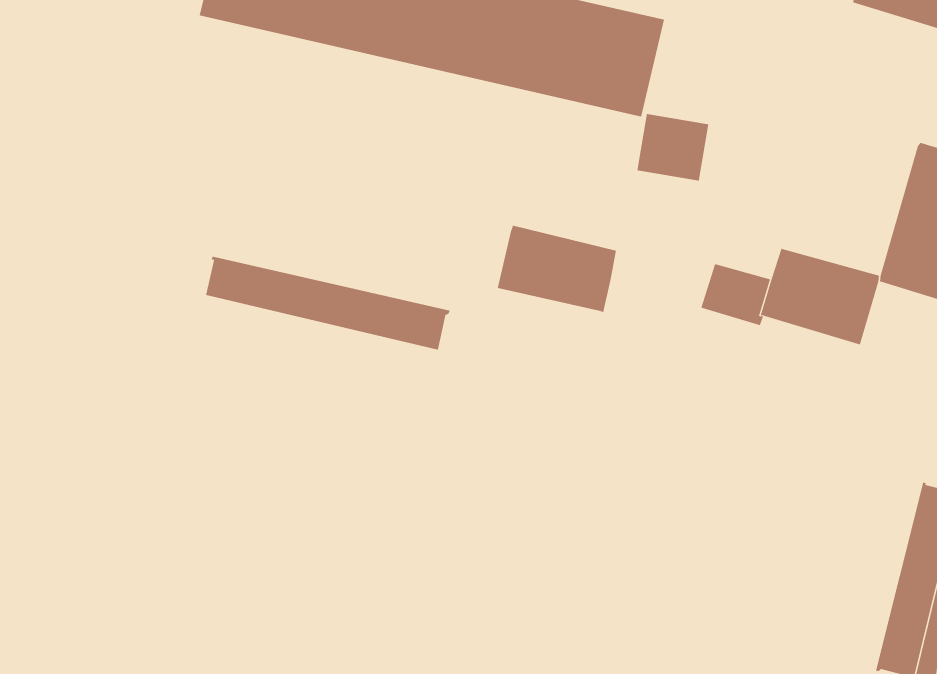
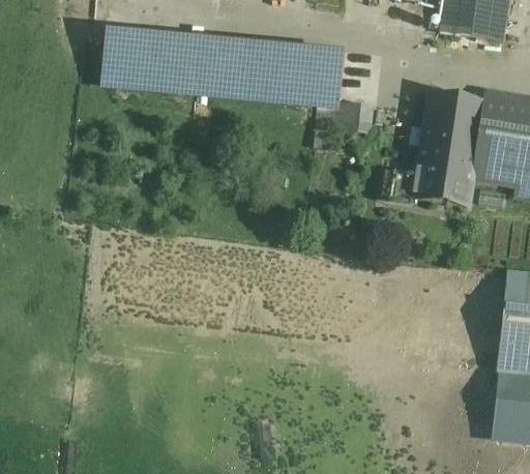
building: none -> [419,92,482,169]
building: [497,225,617,313] -> none
building: [206,256,450,350] -> none

